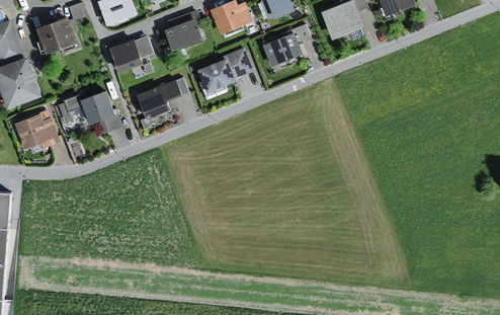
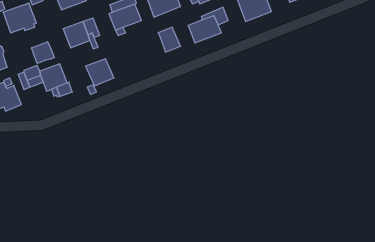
building: [196,58,236,93] -> none
building: none -> [32,42,54,63]
building: [161,76,188,101] -> none

